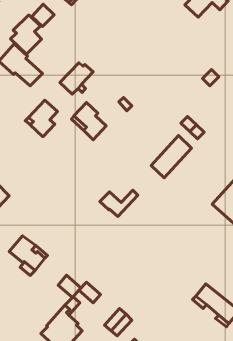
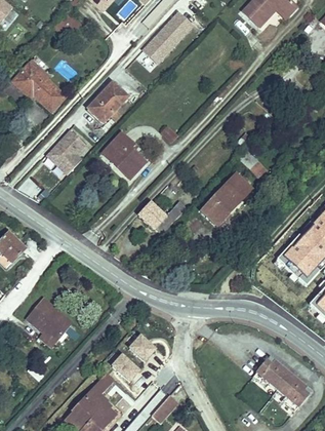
building: none -> [144,14,192,63]
building: [10,15,42,54] -> none
building: [100,190,138,217] -> [138,200,186,233]
building: [58,275,81,298] -> [127,334,155,361]

